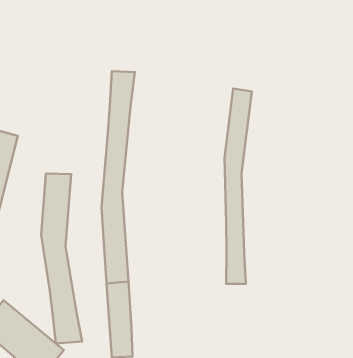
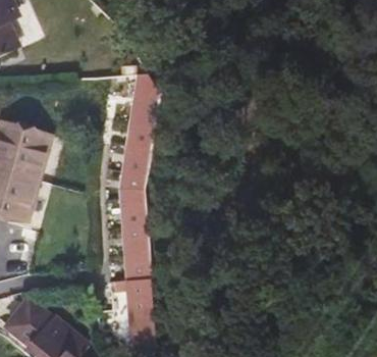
building: [225,88,252,284] -> none
building: [41,174,82,344] -> none

